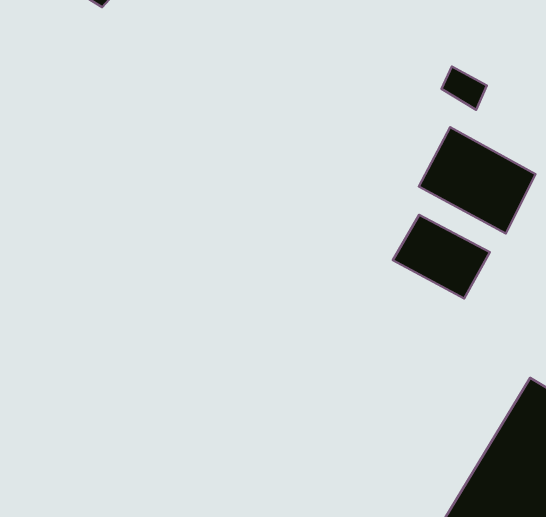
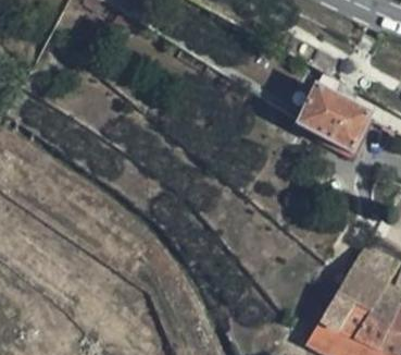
building: [393,215,490,299] -> none

